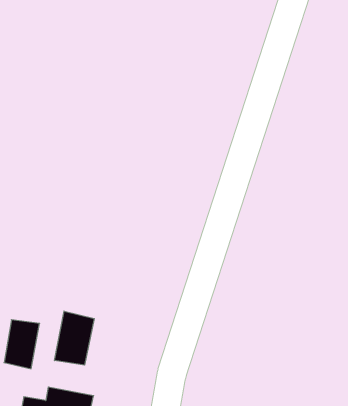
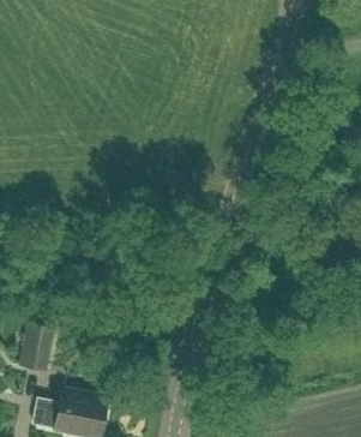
building: [55,311,94,365] -> none

